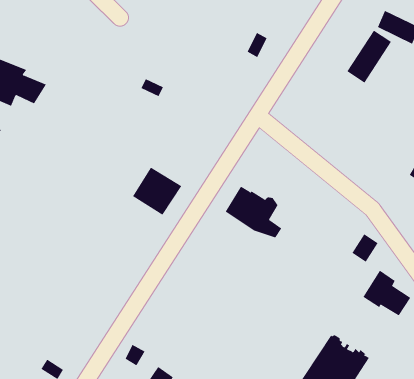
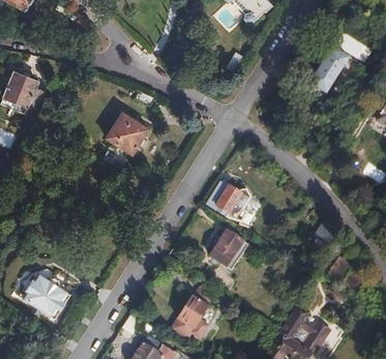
building: [132,167,182,216] -> [106,112,148,153]
building: none -> [209,229,249,268]
building: none -> [24,273,66,315]
building: none -> [172,293,219,337]

